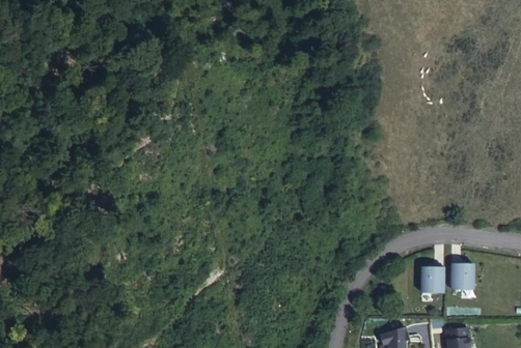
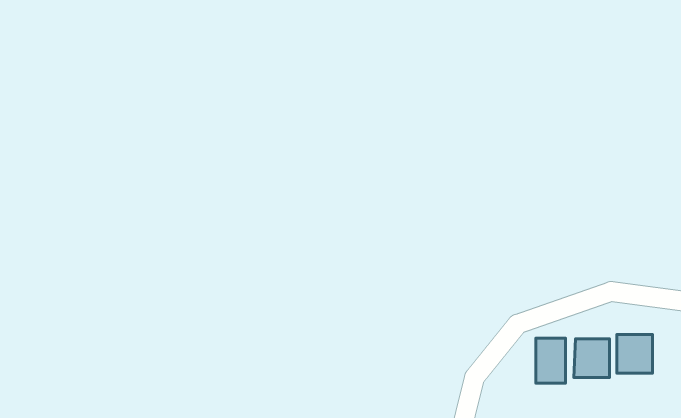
building: none -> [536,338,566,383]

